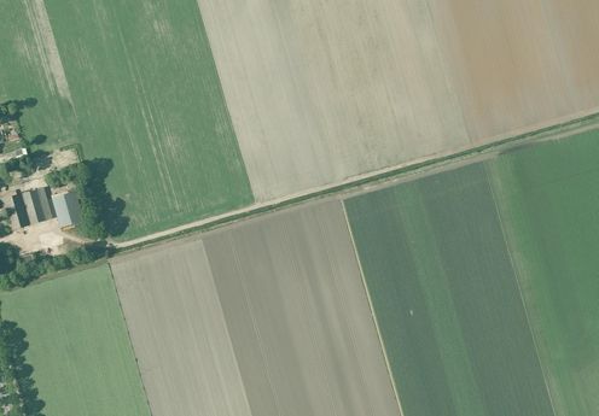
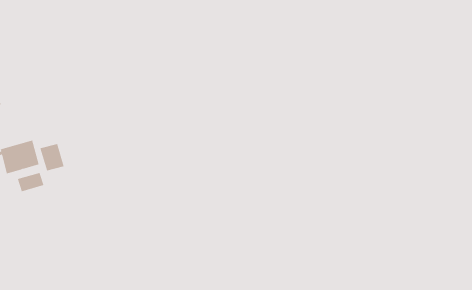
building: none -> [17,172,44,192]

